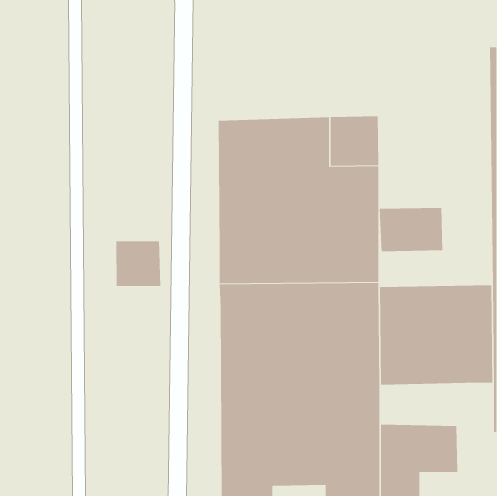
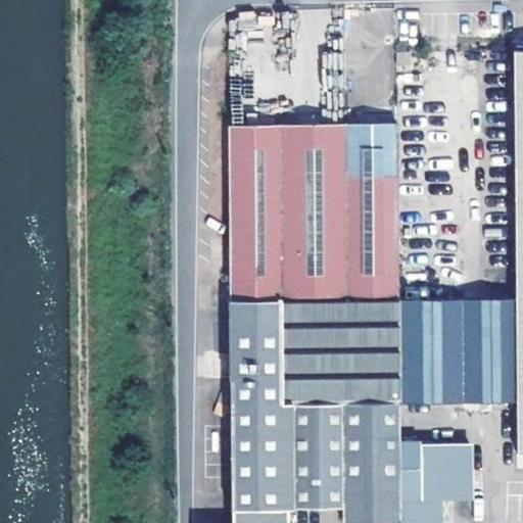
building: [379,207,443,252] -> none
building: [116,240,161,287] -> none

